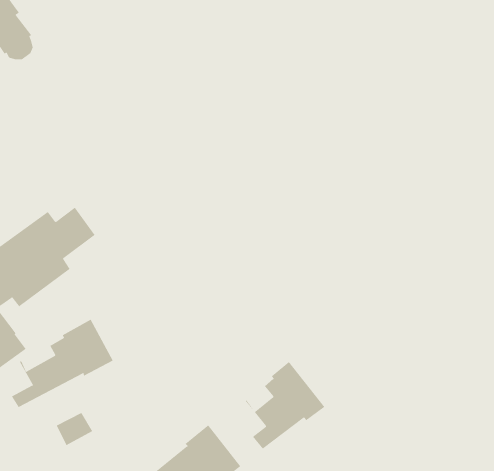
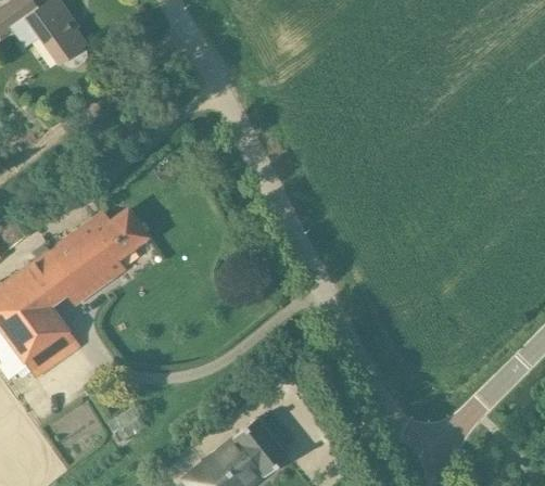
building: [11,319,114,408] -> none
building: [245,361,325,449] -> none

